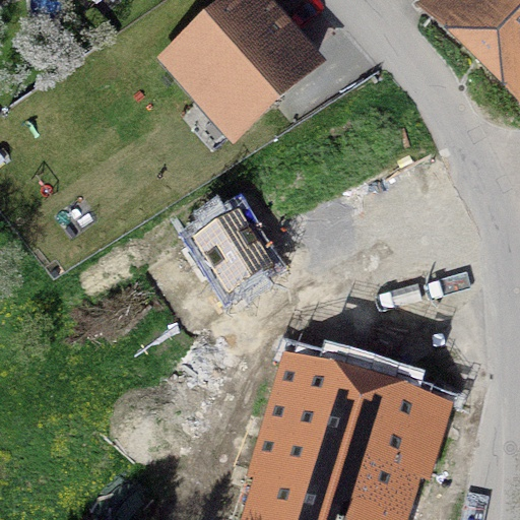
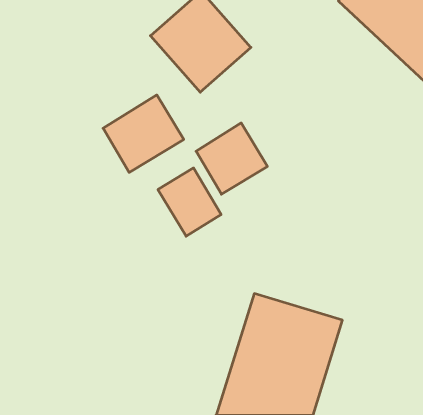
building: none -> [103,95,184,172]
building: none -> [196,123,267,194]

